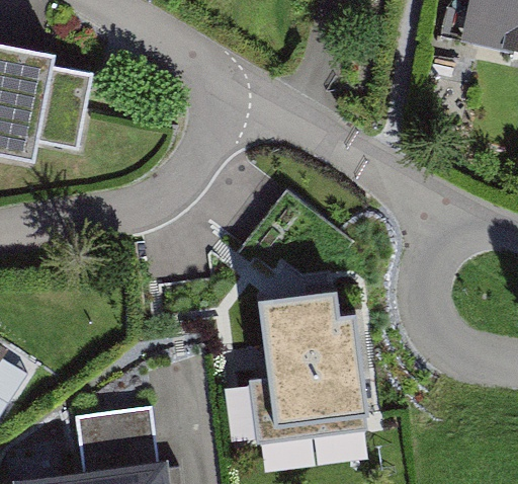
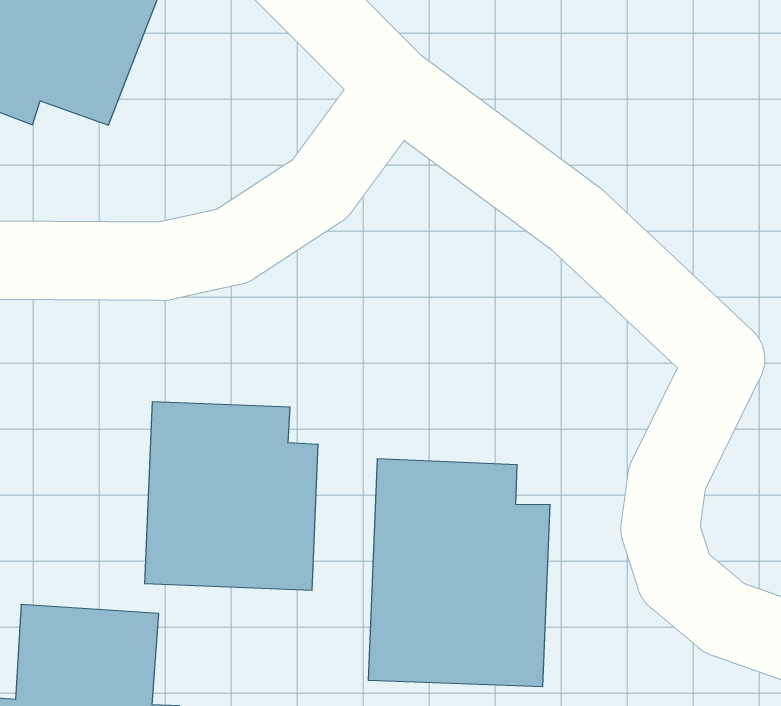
building: none -> [145,402,318,590]

